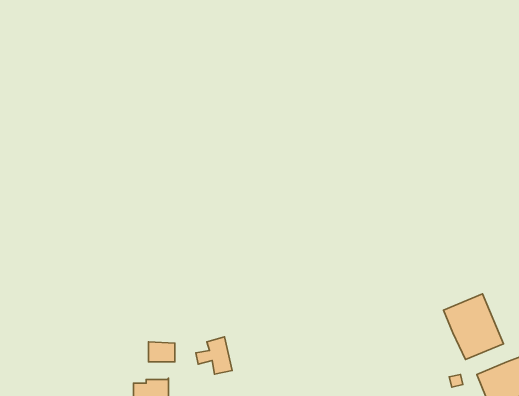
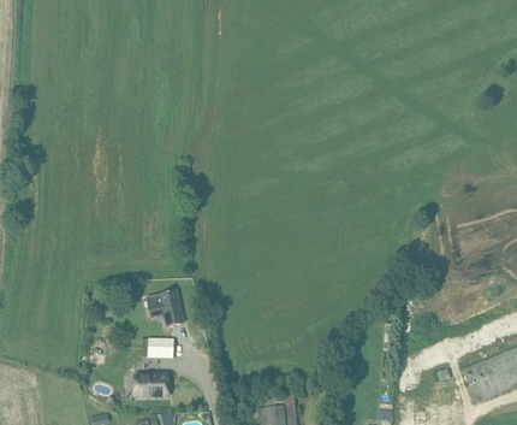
building: [444,294,503,359] -> none
building: [196,337,232,374] -> [148,291,183,327]

